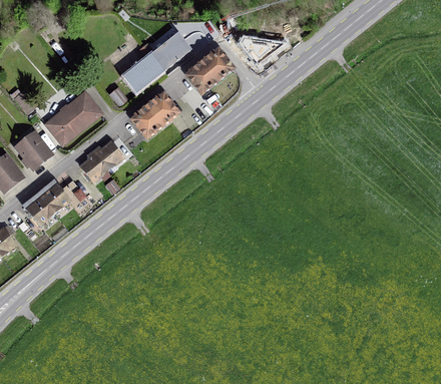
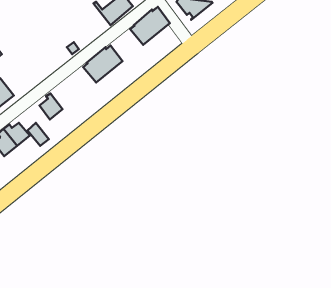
building: [123,45,163,91] -> none
building: [46,92,100,142] -> none
building: [93,140,122,168] -> none

